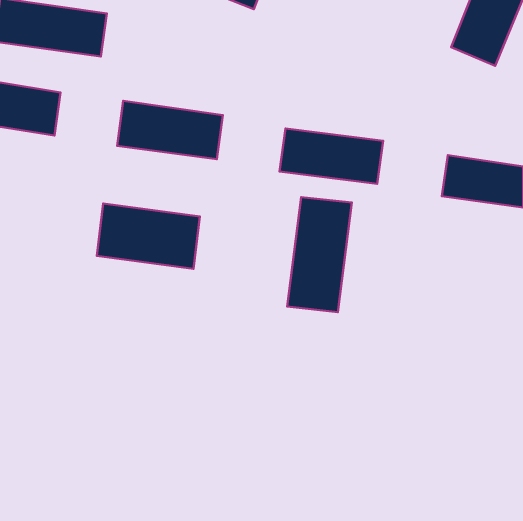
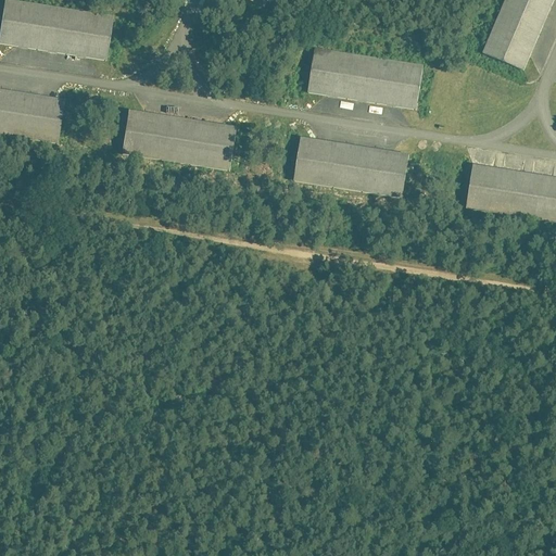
building: none -> [305,49,421,109]
building: [287,197,352,312] -> none
building: [97,203,200,269] -> none

